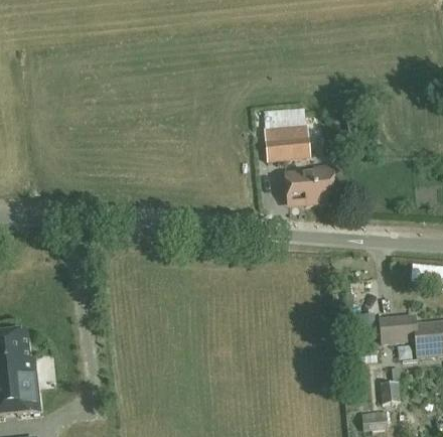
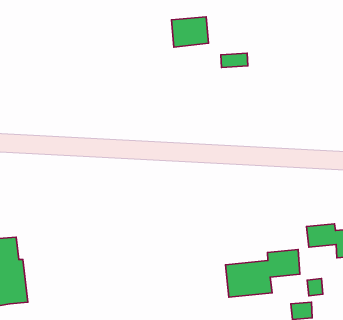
building: [265,124,310,161] -> [171,17,208,47]
building: [286,168,334,204] -> none
building: none -> [225,249,300,297]

